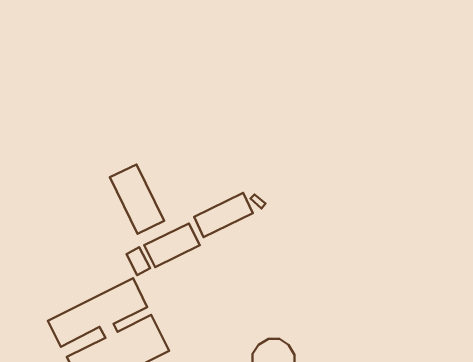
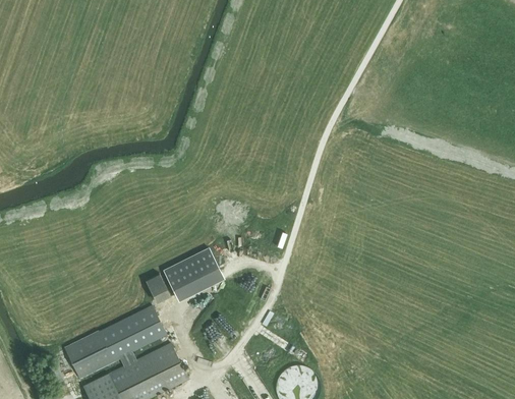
building: [110,164,164,234] -> none
building: [194,193,253,237] -> none

